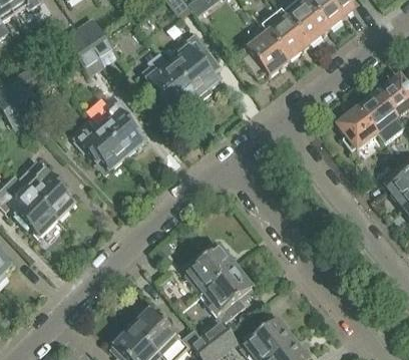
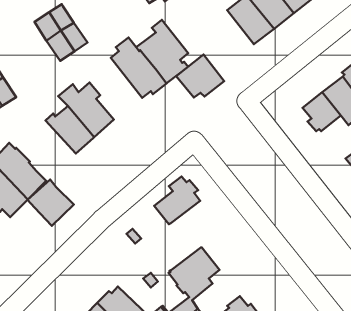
building: [239,32,288,76] -> [176,55,224,98]
building: none -> [27,179,74,226]
building: [186,243,234,292] -> [154,176,200,224]

